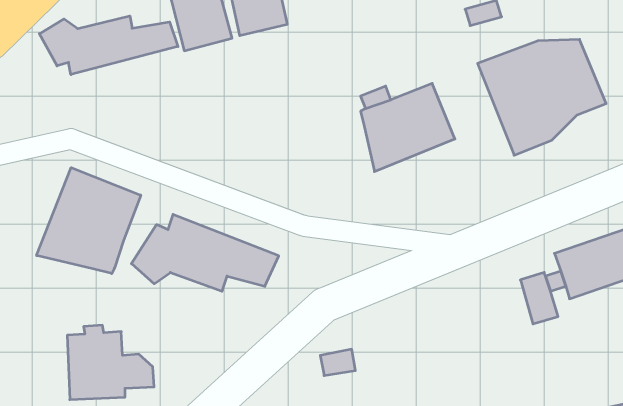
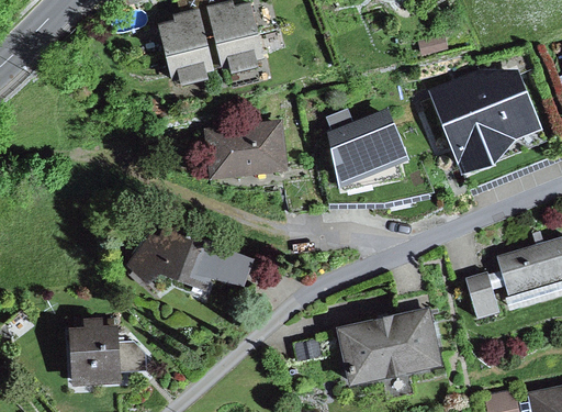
building: [39,16,178,75] -> none
building: none -> [203,121,288,179]
building: [37,168,141,274] -> none
building: none -> [337,308,441,385]

